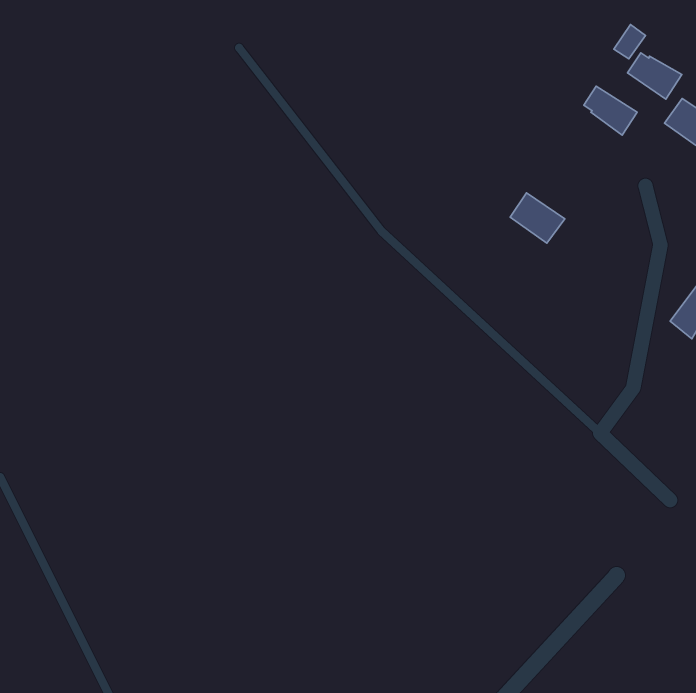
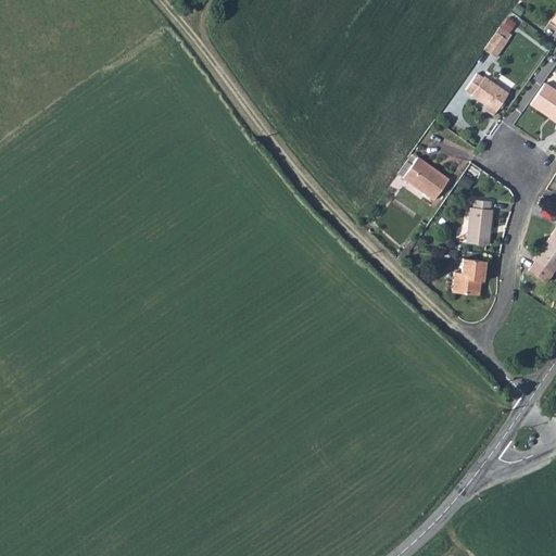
building: [628,53,682,99] -> none
building: none -> [466,202,493,247]
building: none -> [454,262,486,299]

